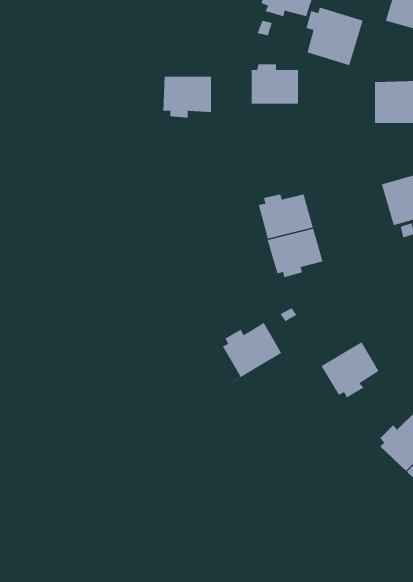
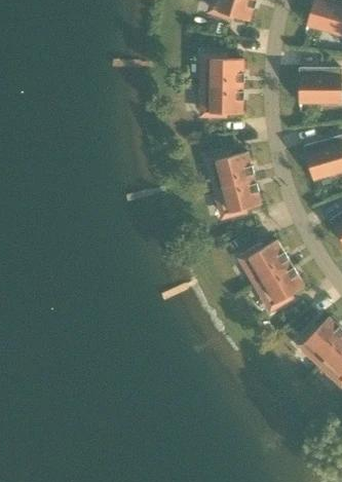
building: [305,6,366,66] -> none
building: [163,76,212,118] -> [205,87,242,119]
building: [222,322,282,382] -> [244,242,290,287]

